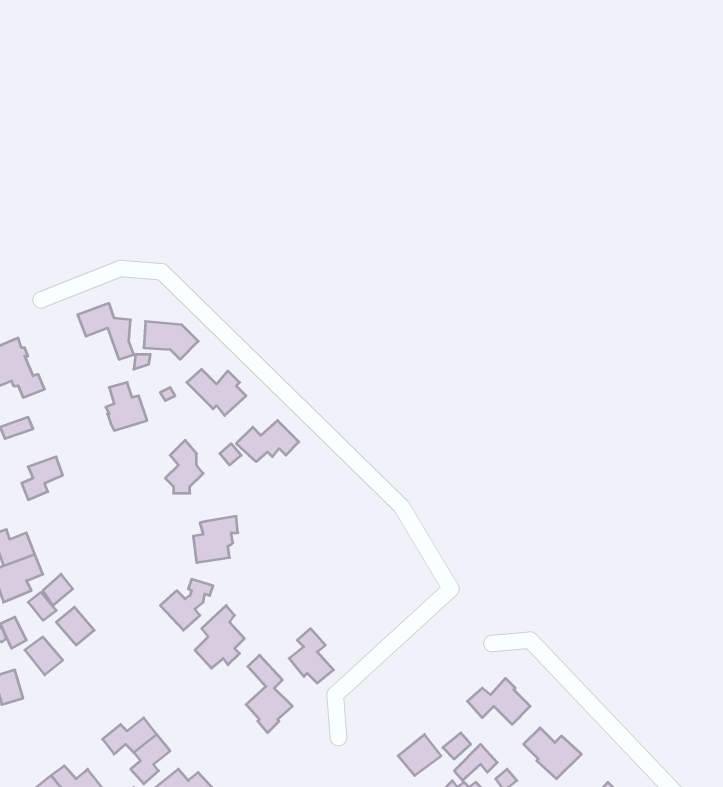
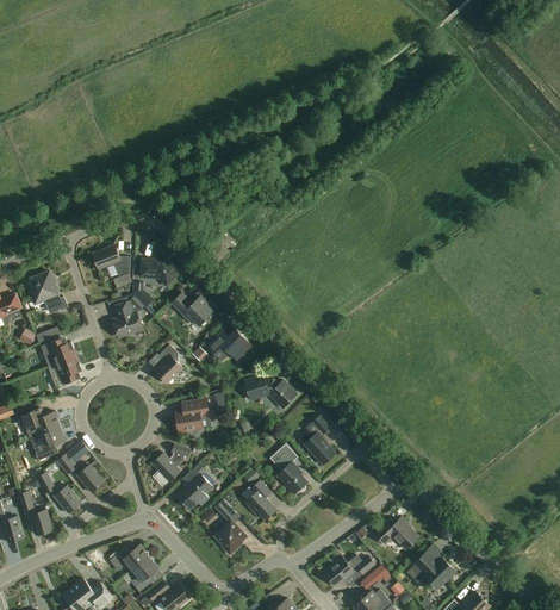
building: none -> [41,341,76,367]
building: none -> [244,375,297,407]
building: none -> [299,416,335,465]
building: none -> [270,444,306,493]

